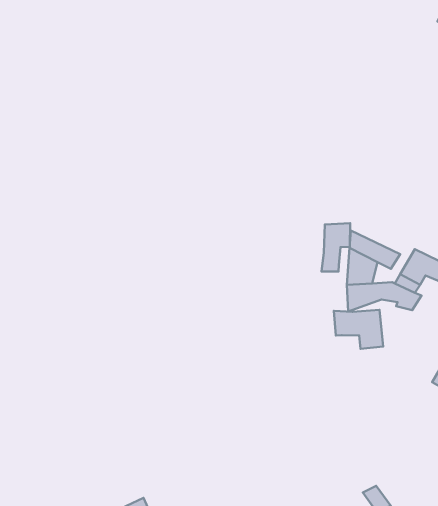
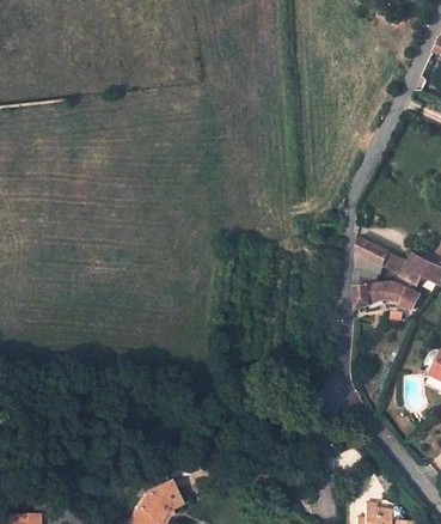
building: [321,223,350,272] -> none
building: [334,310,383,349] -> none

